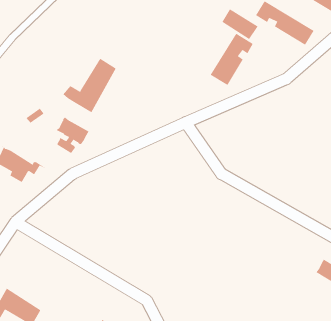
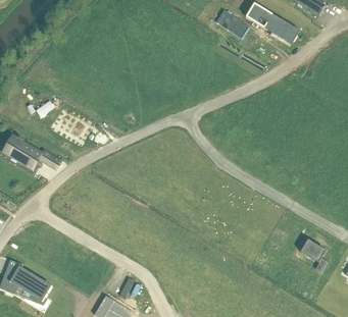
building: [210,33,254,86] -> none
building: [63,58,116,113] -> none

